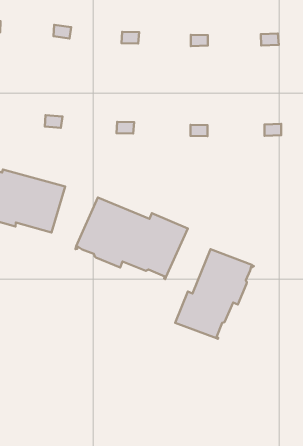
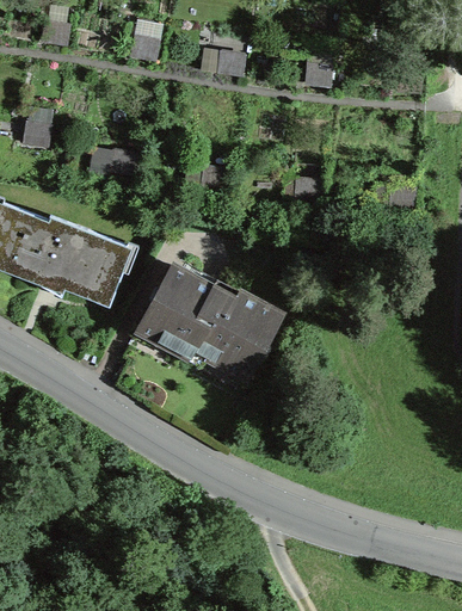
building: [175,249,254,339] -> none

